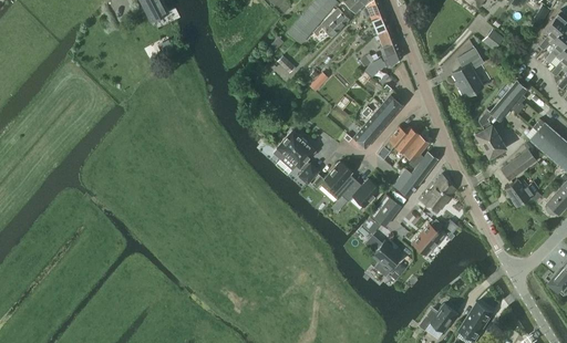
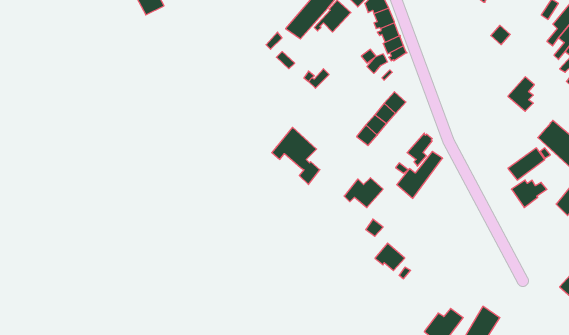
building: [452,49,483,97] -> none
building: [475,100,509,157] -> none
building: [383,127,420,154] -> none
building: [311,162,355,200] -> none
building: [421,175,455,214] -> none
building: [372,196,401,227] -> none
building: [412,224,442,254] -> none

